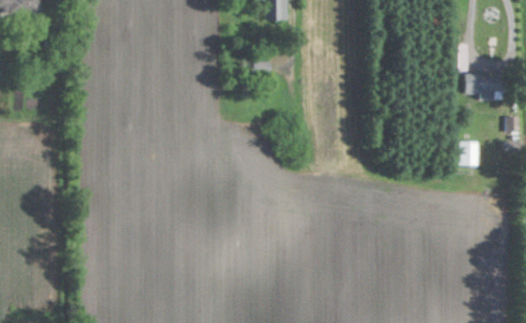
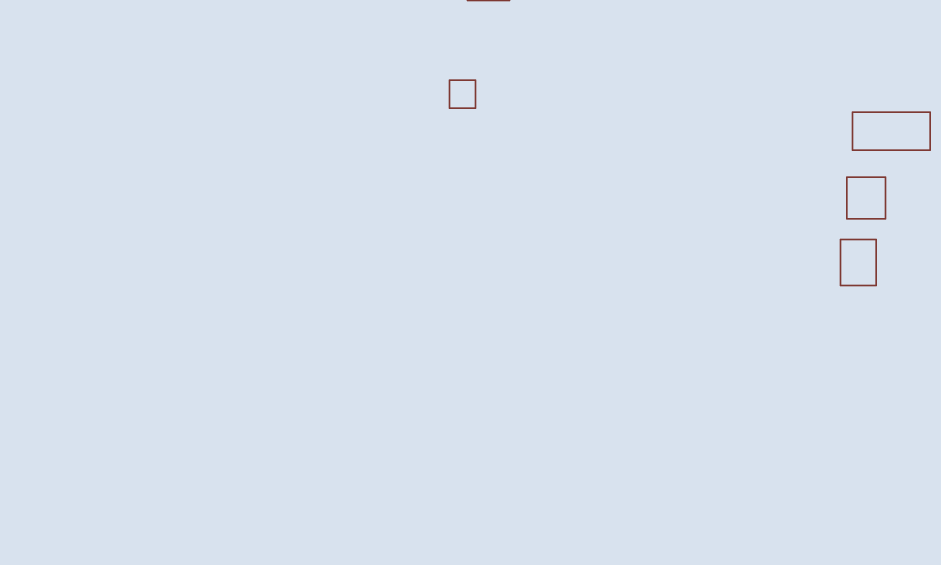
building: none -> [847,177,885,219]

